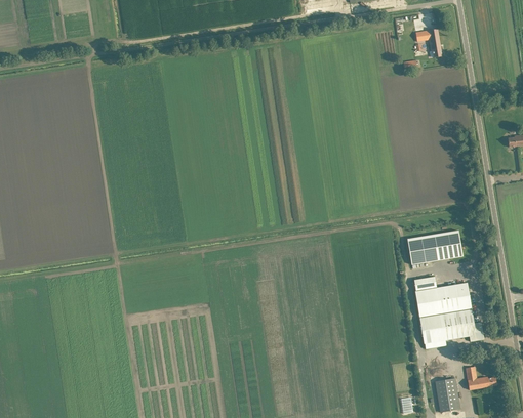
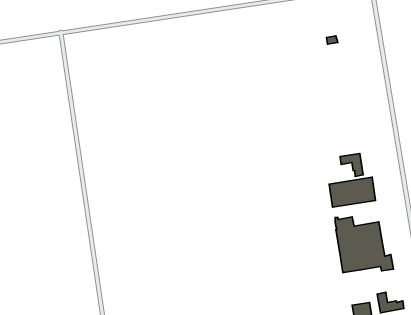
building: [415,30,442,58] -> none
building: none -> [340,153,363,177]

